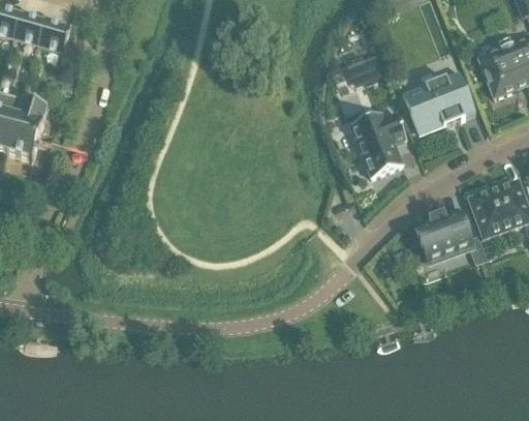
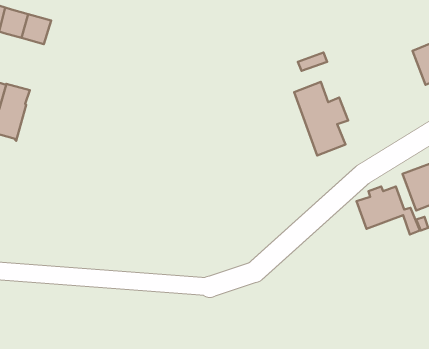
building: [406,69,475,132] -> none

